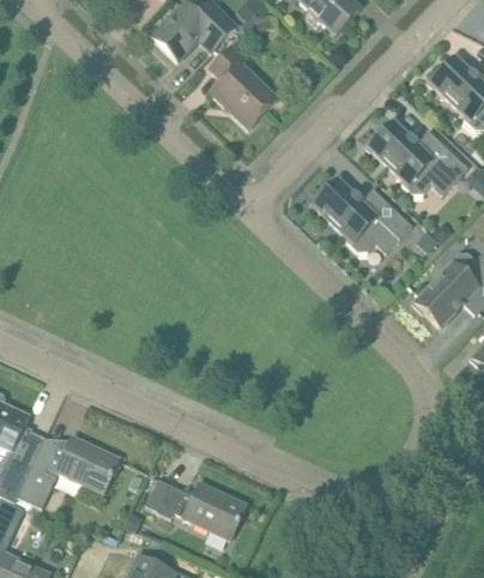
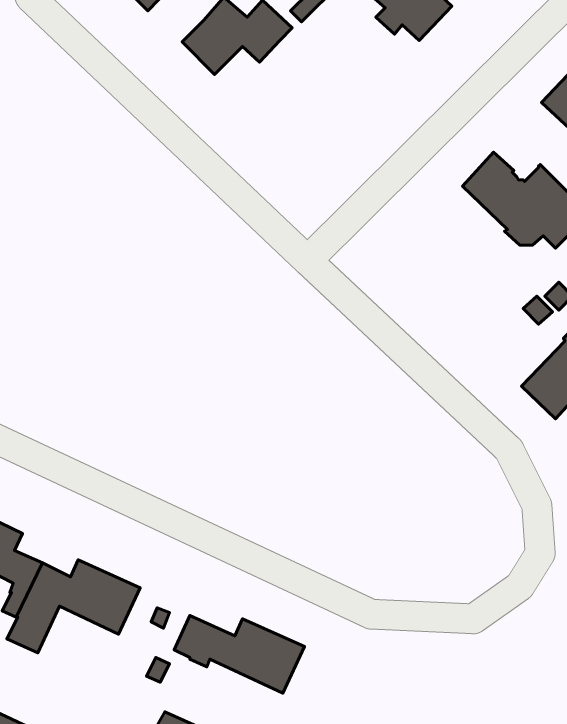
building: [208,42,278,128] -> none
building: [313,177,412,253] -> none

